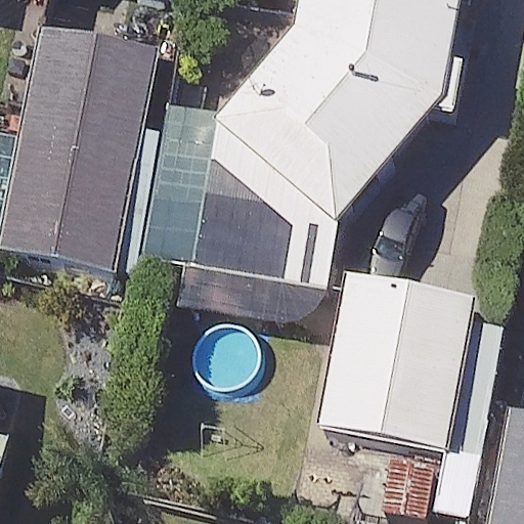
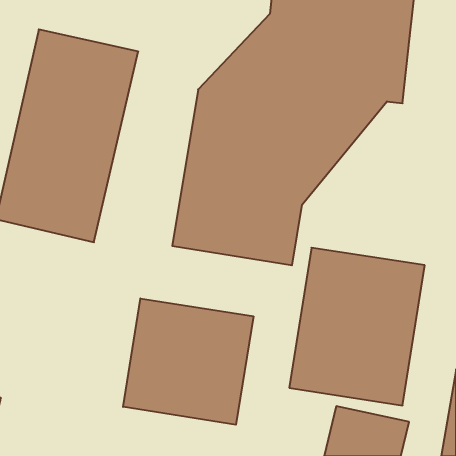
building: none -> [123,298,253,425]

